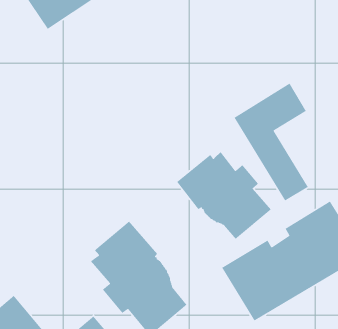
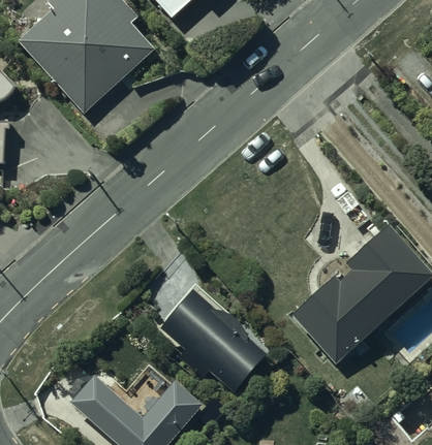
building: [233,83,309,202] -> none
building: [176,151,272,240] -> none

